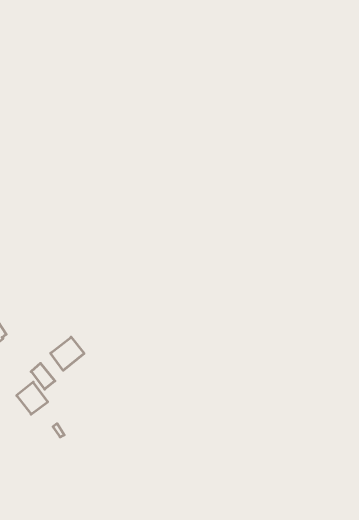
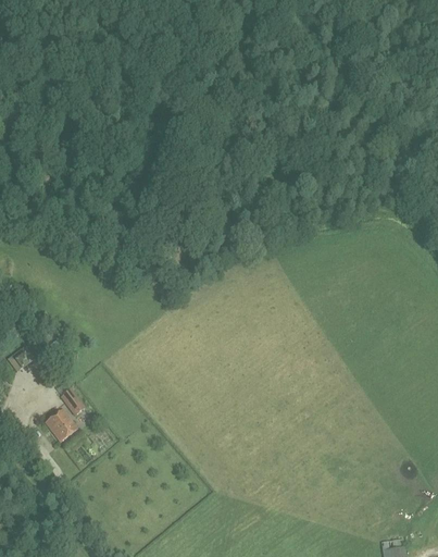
building: [51,337,84,370] -> none

